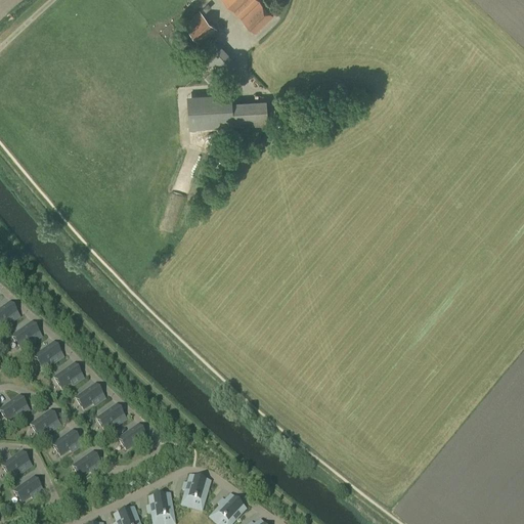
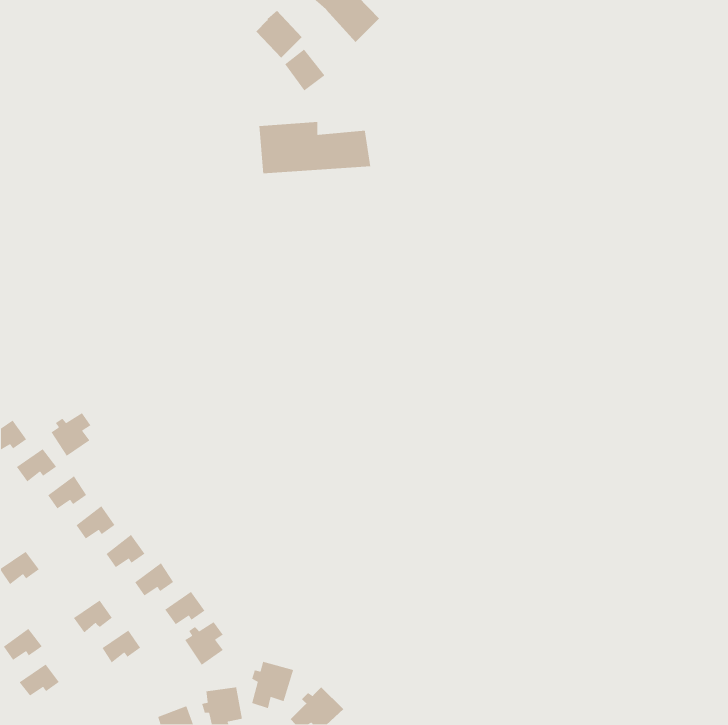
building: none -> [50,412,92,457]
building: [31,409,60,434] -> none
building: none -> [184,621,224,666]

